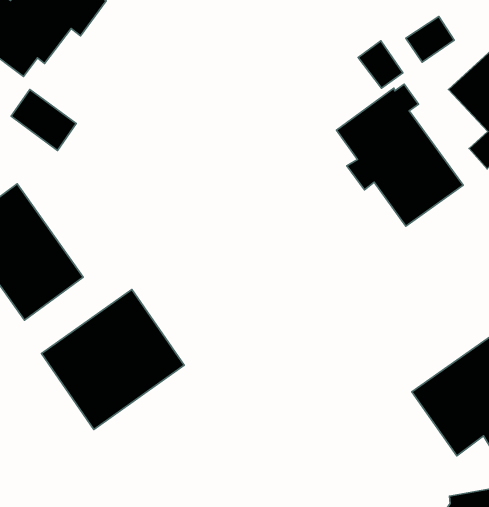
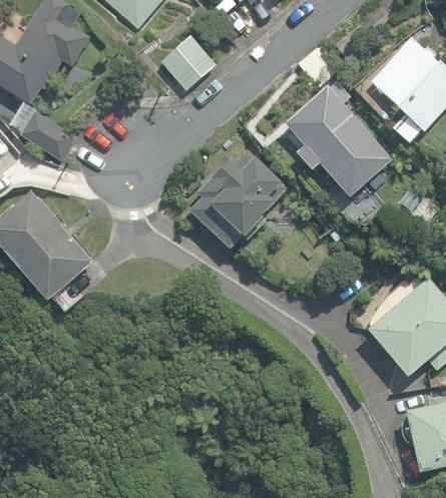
building: none -> [161,36,214,89]
building: none -> [188,149,289,248]
building: [42,289,184,429] -> none

